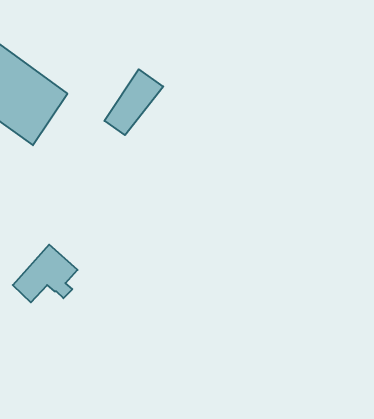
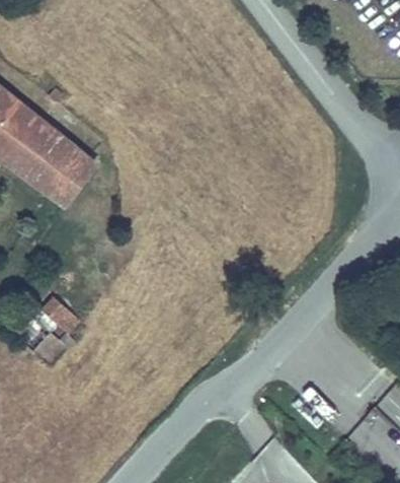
building: [104,69,163,135] -> [37,139,96,205]

